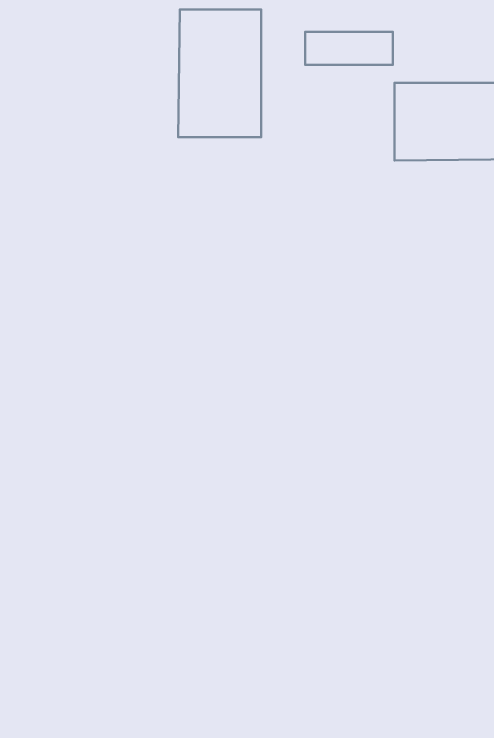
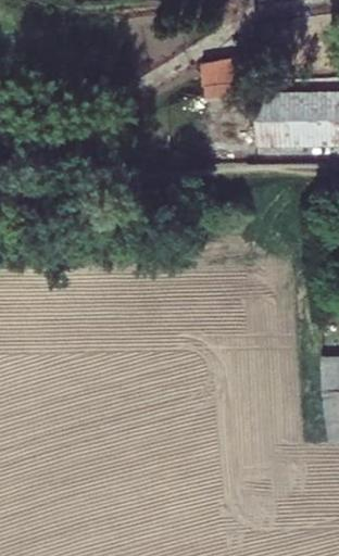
building: [178,10,261,137] -> none

